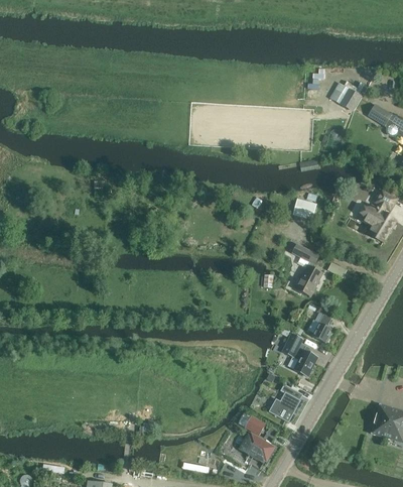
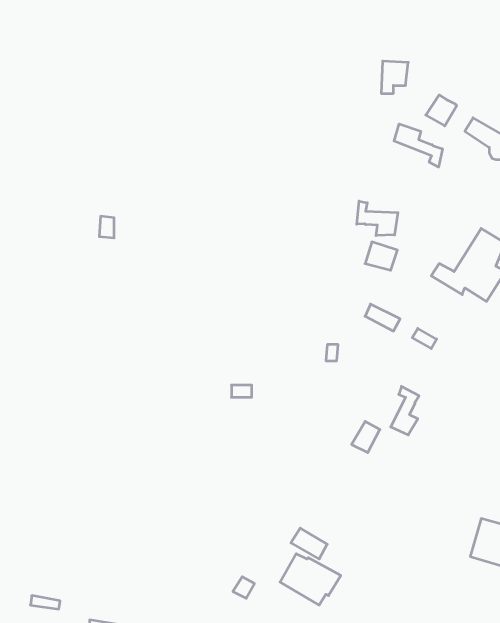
building: none -> [394,124,442,167]
building: none -> [357,201,398,236]
building: [294,265,322,295] -> none
building: [293,345,317,376] -> none
building: [268,384,301,421] -> none

